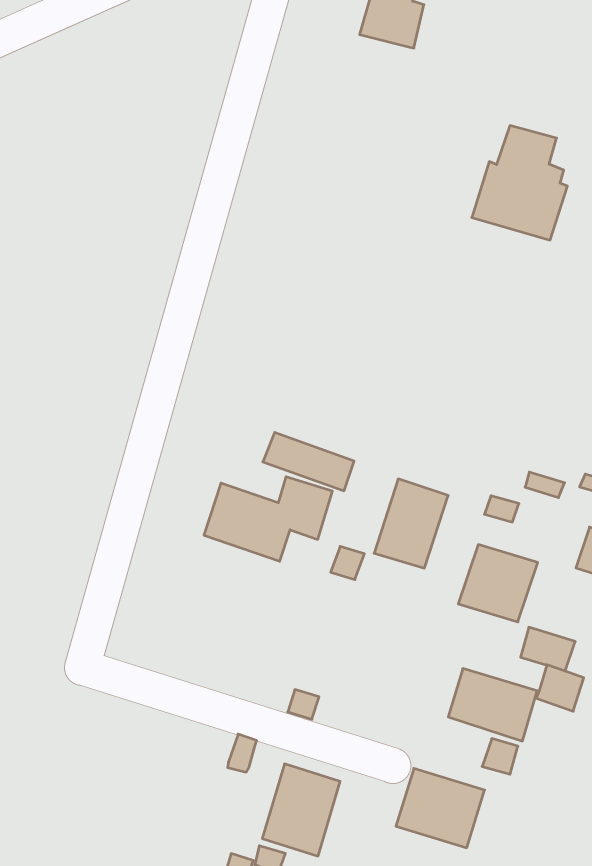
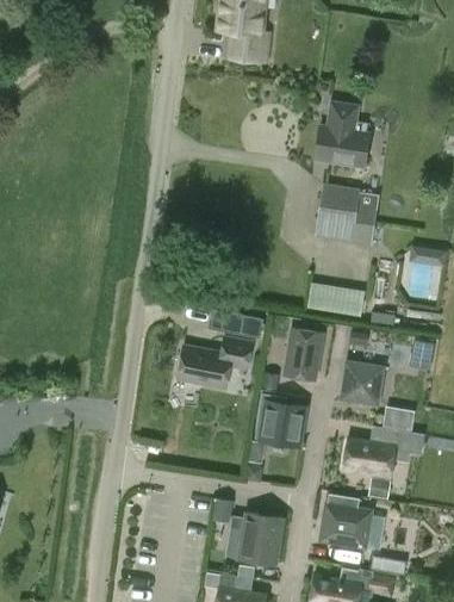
building: none -> [315,187,386,250]
building: none -> [307,283,363,312]
building: none -> [255,395,305,446]

